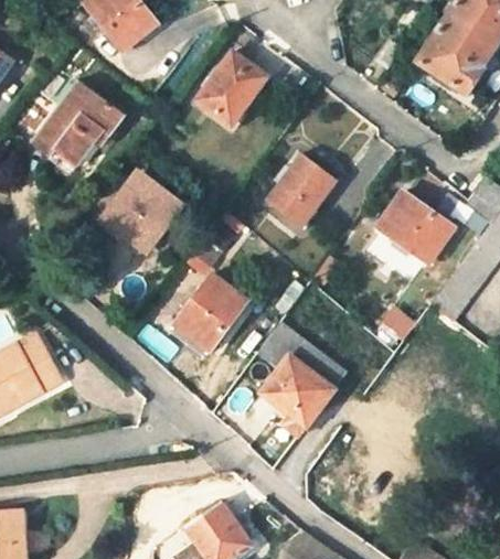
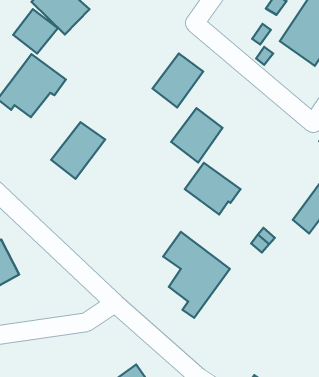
building: none -> [13,9,58,53]
building: [198,54,266,127] -> [153,53,203,107]
building: [379,192,454,261] -> [185,163,240,214]
building: [178,276,248,351] -> none

